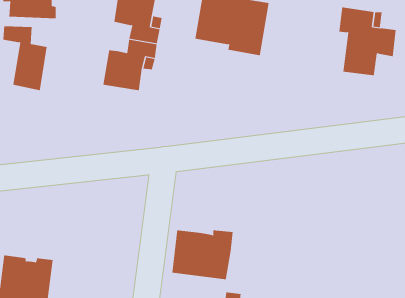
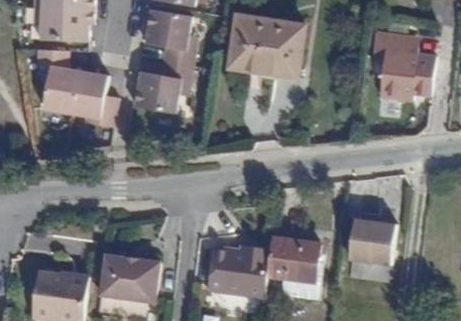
building: none -> [73,67,118,124]
building: none -> [348,213,394,261]
building: none -> [265,234,324,297]
building: none -> [97,261,158,308]

